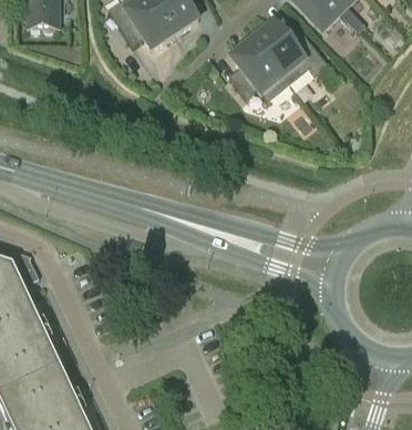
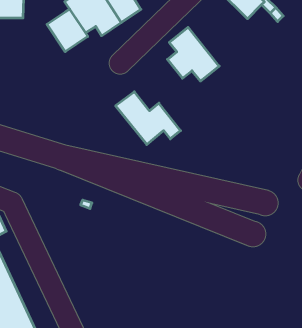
building: none -> [47,9,88,52]
building: [253,21,329,83] -> [116,92,181,145]

